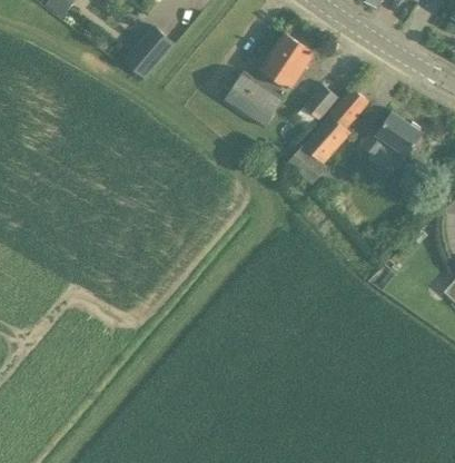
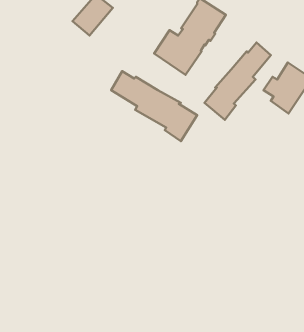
building: [304,85,339,121] -> none
building: none -> [111,71,197,141]

